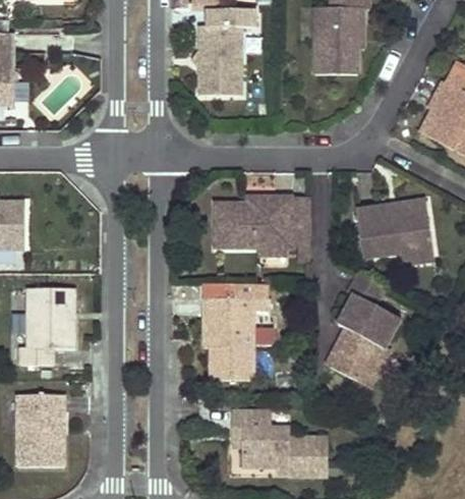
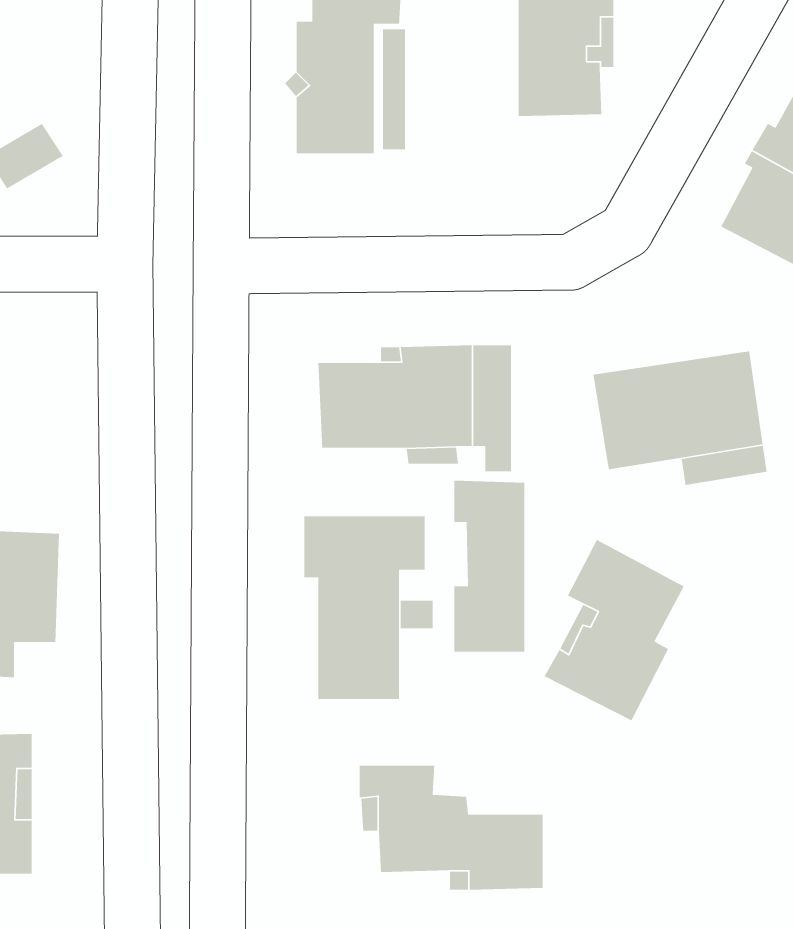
building: none -> [453,480,525,653]

